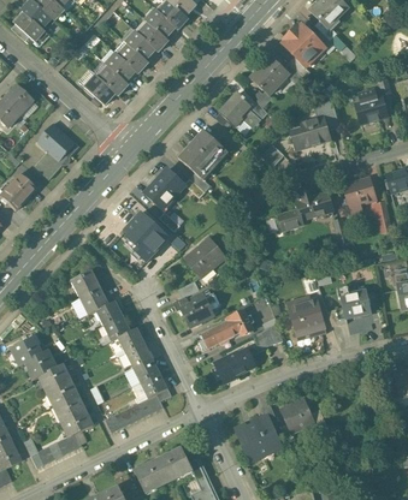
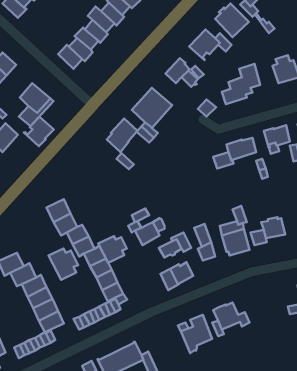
building: none -> [24,117,54,146]
building: [125,210,170,261] -> none
building: [185,237,226,276] -> none
building: none -> [98,236,127,263]
building: none -> [49,248,78,280]

